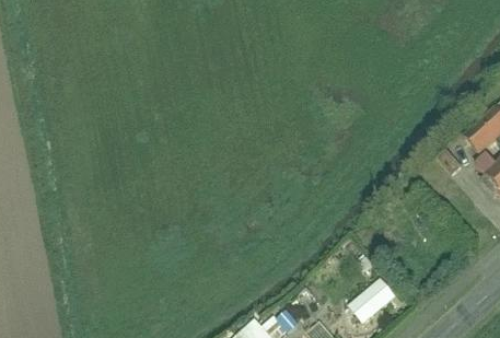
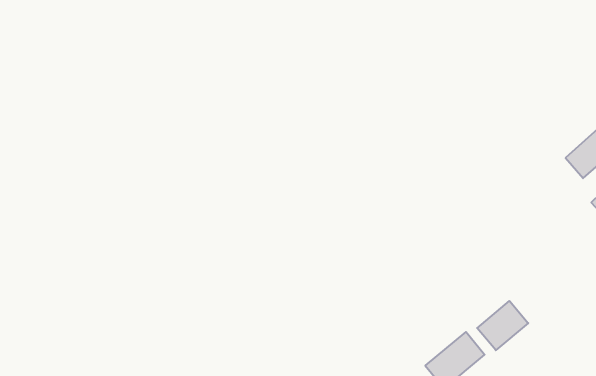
building: none -> [477,301,528,350]

